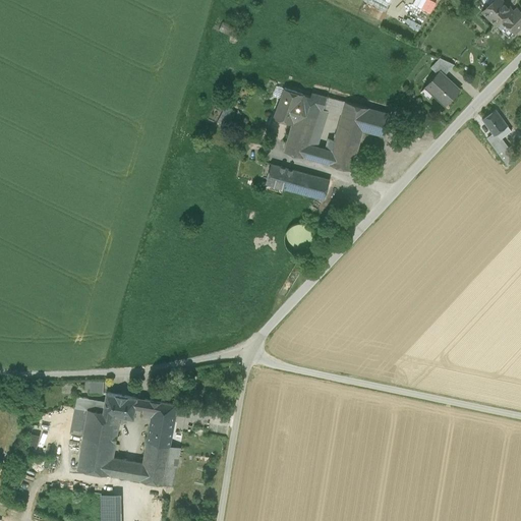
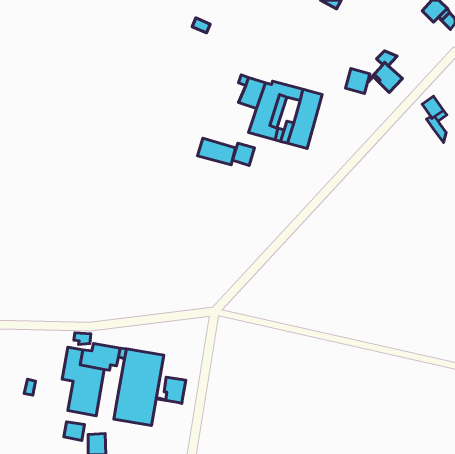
building: [362,109,390,137] -> [346,69,370,93]
building: [285,170,329,200] -> [197,138,236,165]
building: none -> [156,377,186,403]
building: [110,459,133,480] -> [64,422,84,440]

